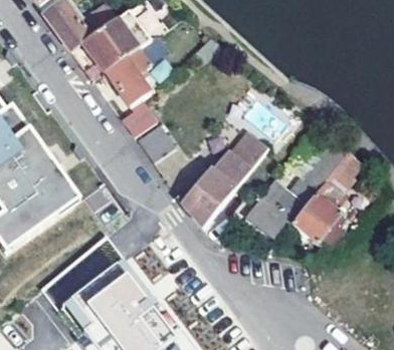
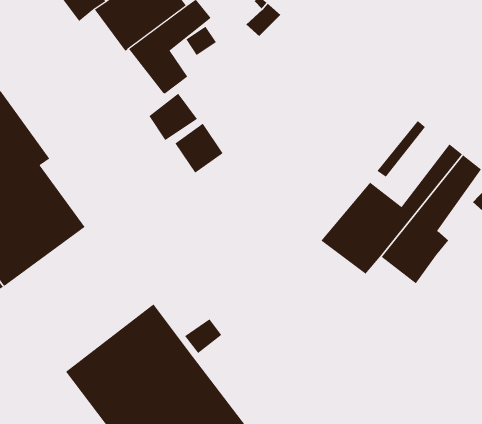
building: [182,133,266,228] -> none

